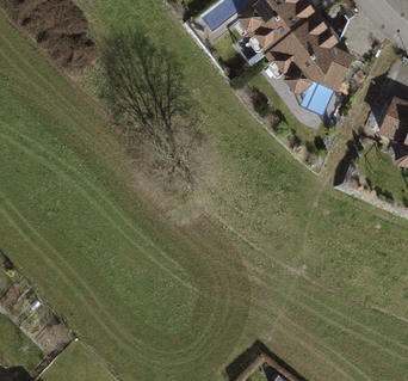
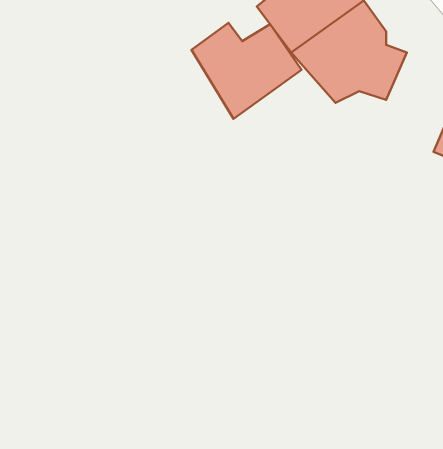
building: none -> [191,23,302,119]

